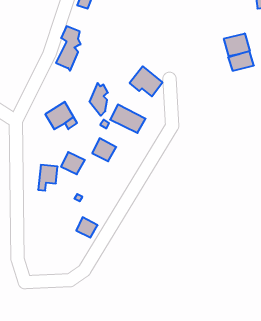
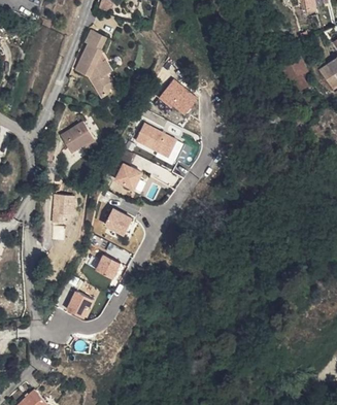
building: [224,33,250,56] -> none
building: [89,83,108,116] -> [90,62,111,100]
building: [61,152,85,174] -> [105,208,133,234]
building: none -> [67,291,94,317]

